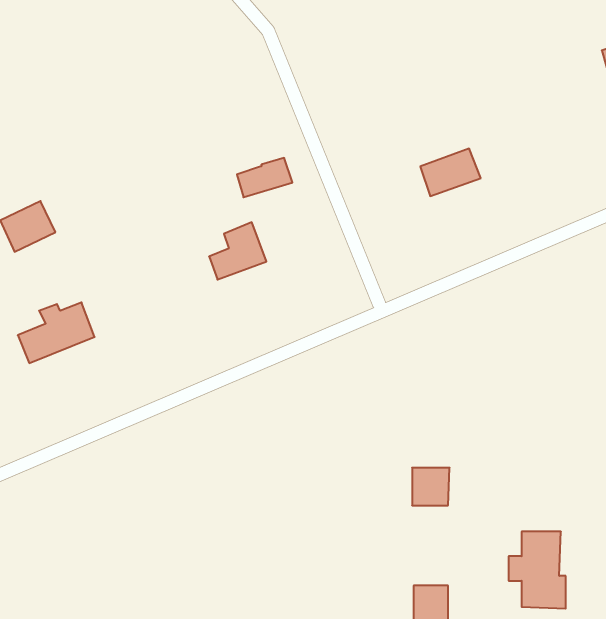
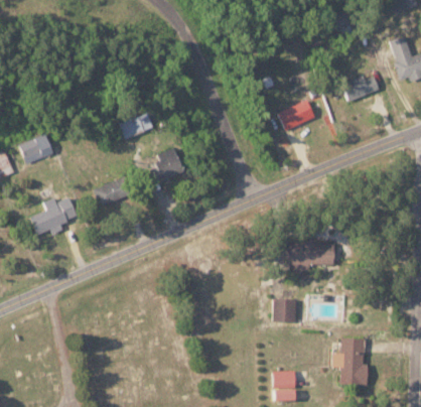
building: none -> [342,77,380,103]
building: [237,158,292,197] -> [120,114,154,138]
building: none -> [94,177,127,208]
building: none -> [286,241,334,270]

